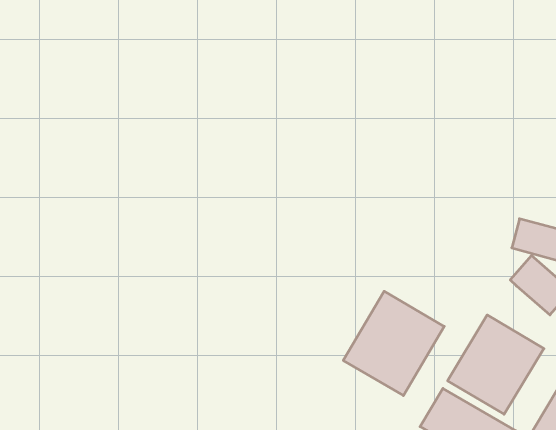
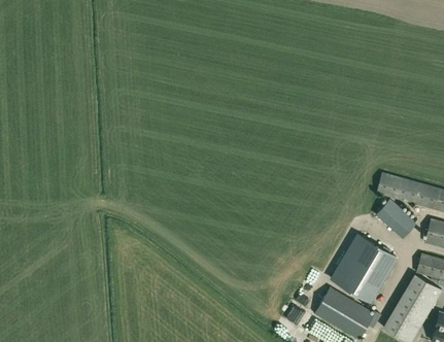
building: [343,291,444,396] -> none

